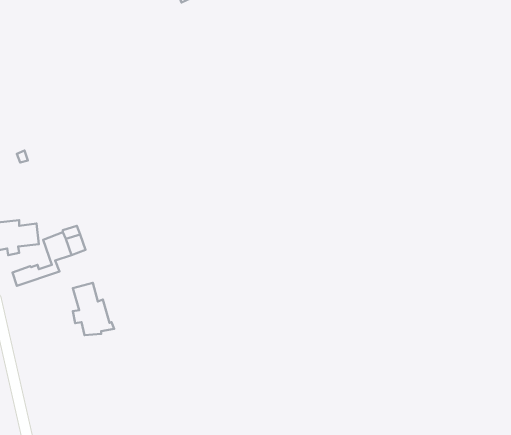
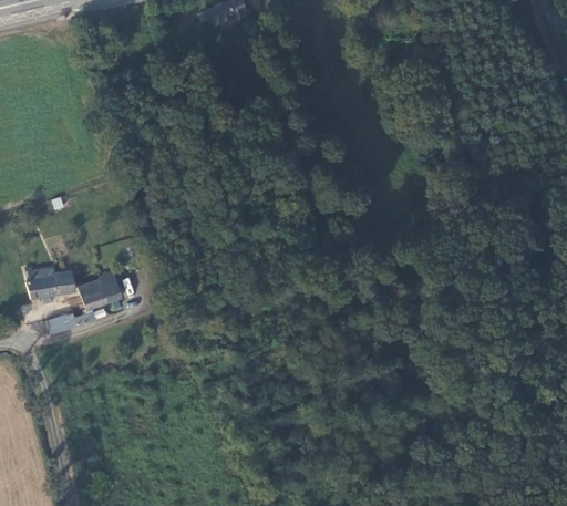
building: [73,283,114,335] -> none

